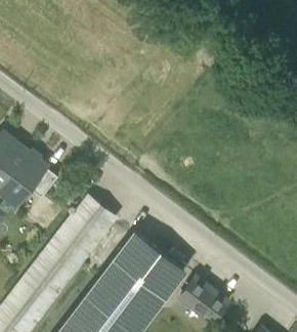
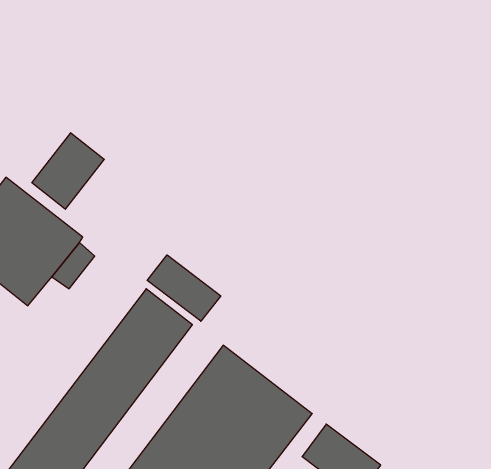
building: none -> [32,133,104,209]
building: none -> [147,255,221,321]

